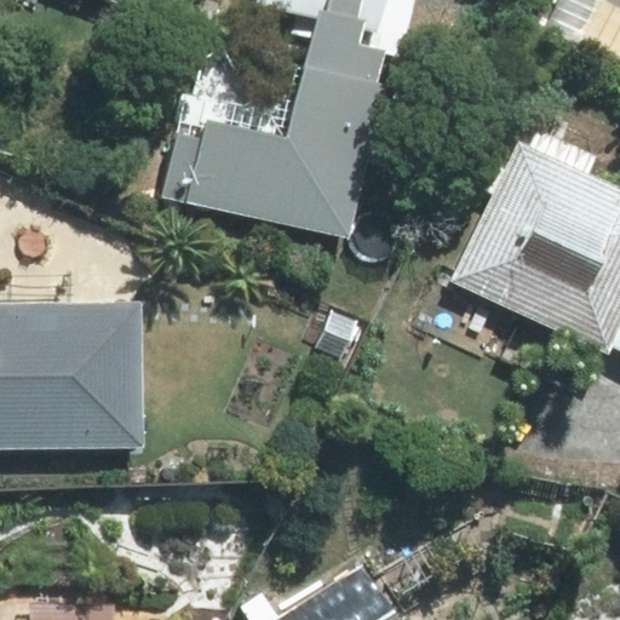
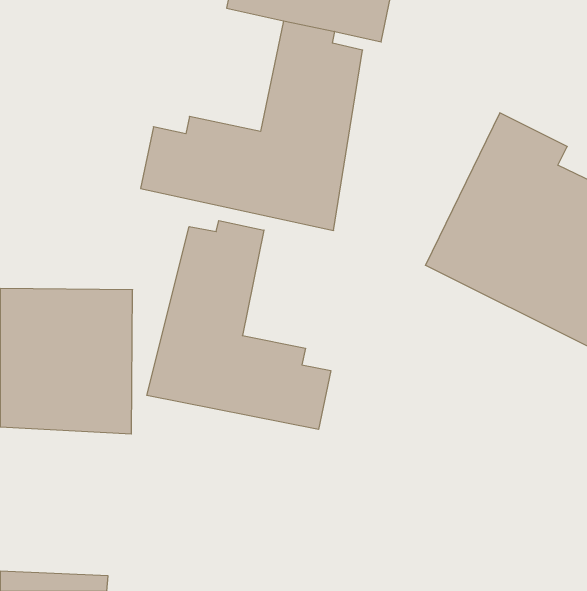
building: none -> [147,221,331,429]

